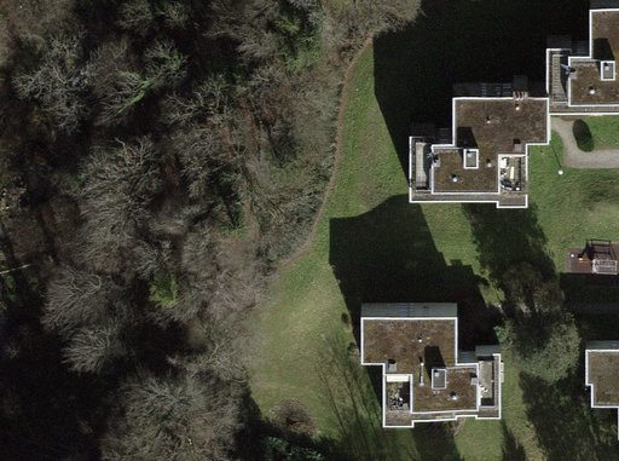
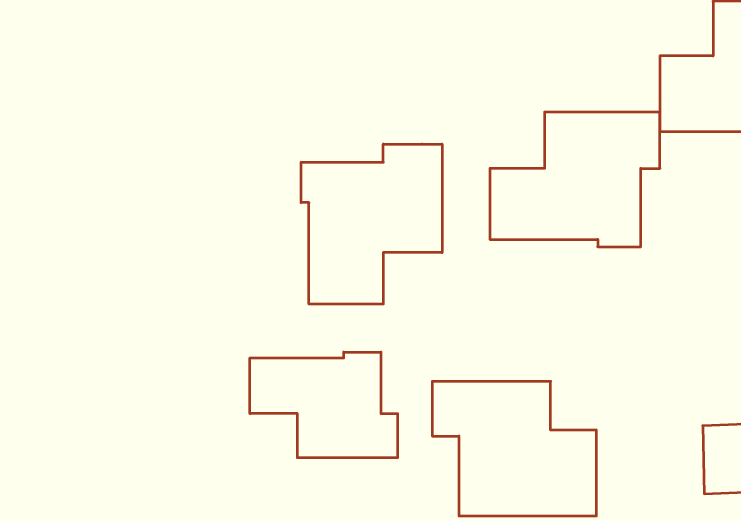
building: none -> [301,144,442,304]
building: none -> [250,352,398,458]

